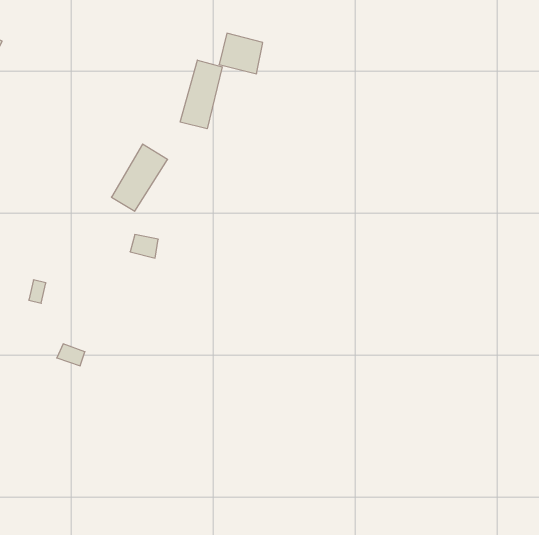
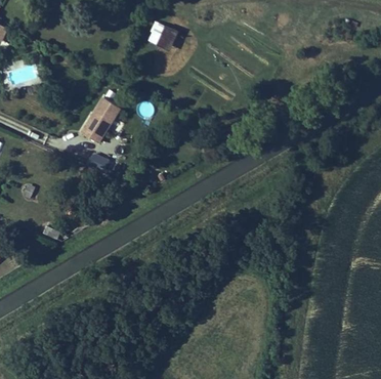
building: [180,60,222,129] -> none

